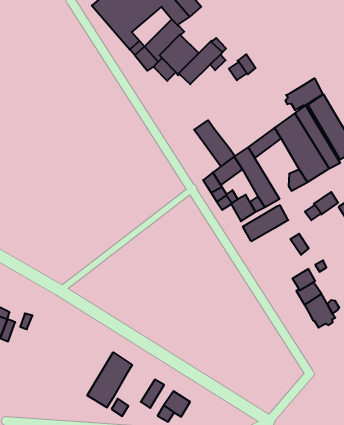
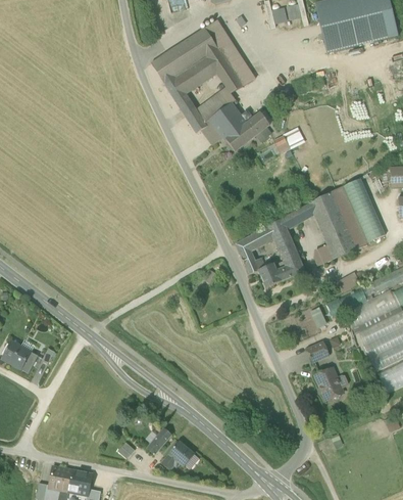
building: [285,78,323,110] -> none
building: [194,120,235,166] -> none
building: [243,205,288,241] -> none
building: [87,352,132,408] -> none

